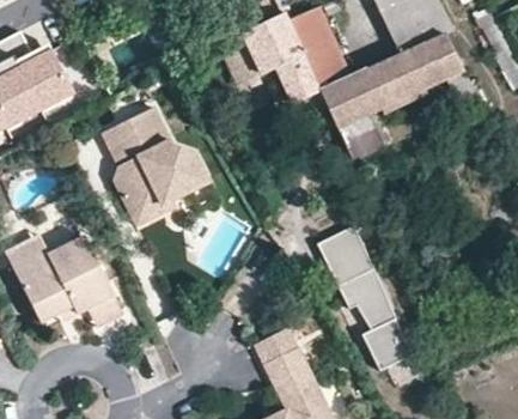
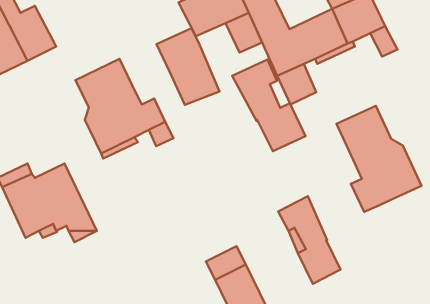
building: none -> [156,28,220,105]
building: none -> [232,59,306,151]
building: none -> [336,106,422,212]
building: [316,225,372,286] -> none

